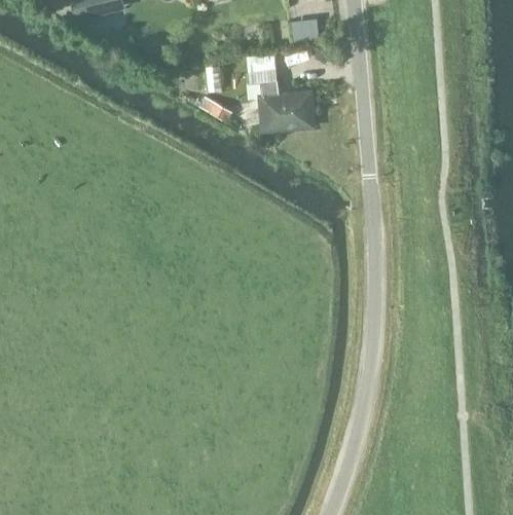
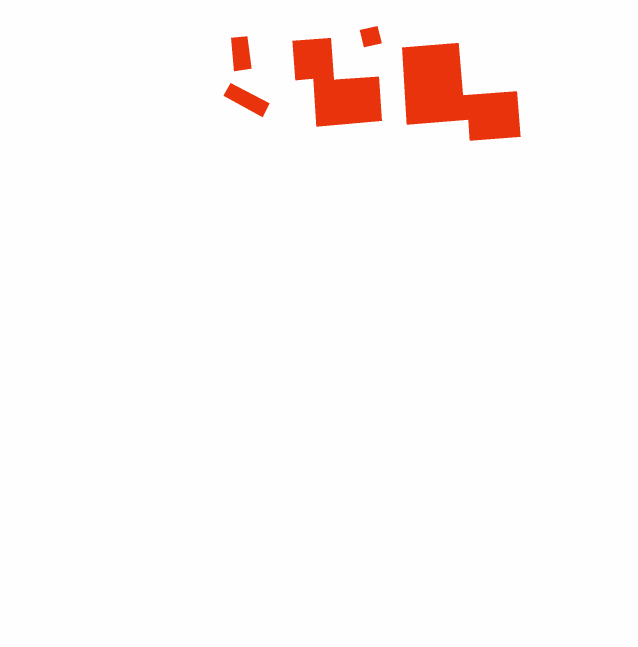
building: none -> [402,42,521,141]

